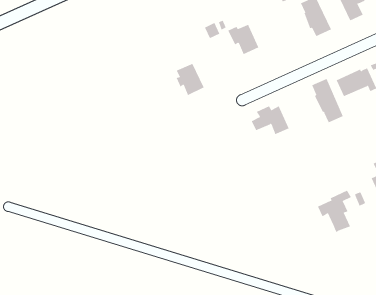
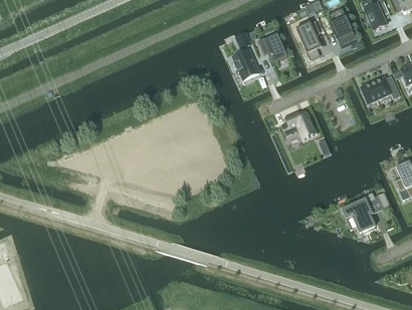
building: none -> [297,20,321,51]
building: [176,63,204,96] -> [232,49,259,80]
building: [312,78,343,123] -> none

